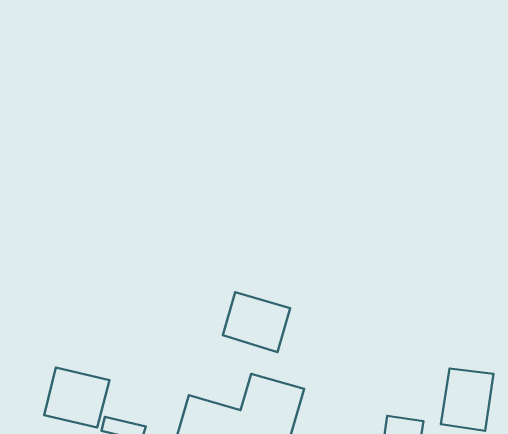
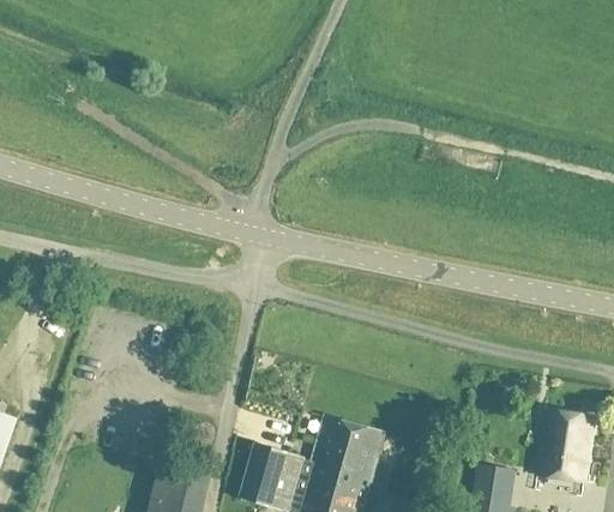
building: [223,292,290,352] -> none
building: [44,367,110,428] -> none

